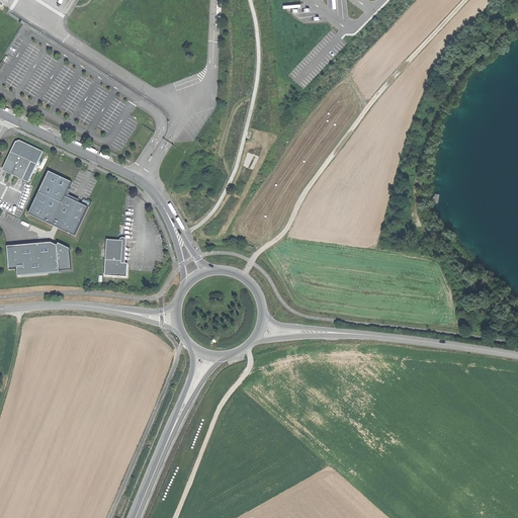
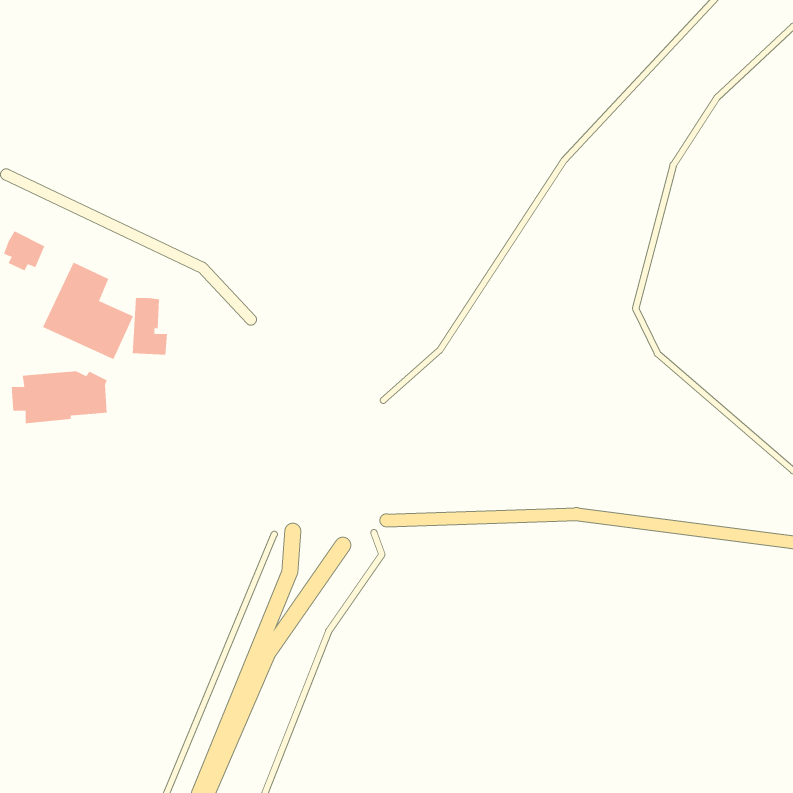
building: [9,140,40,181] -> none
building: [104,239,127,276] -> [132,298,168,355]

